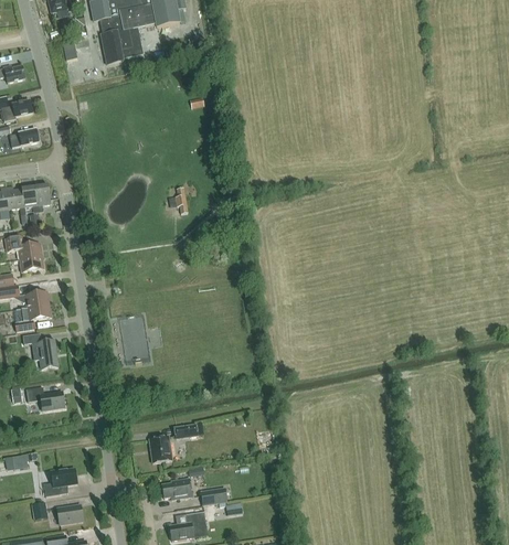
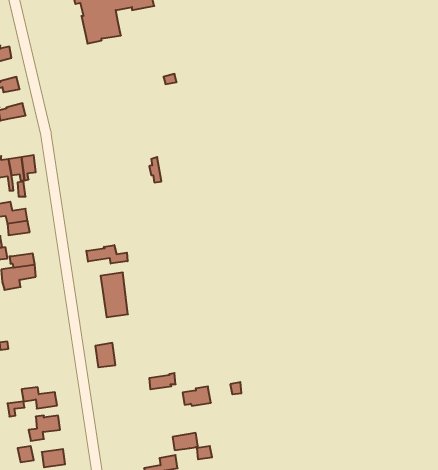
building: none -> [86,245,128,264]
building: [21,333,57,368] -> none
building: [24,386,63,409] -> [22,387,57,409]
building: [148,436,170,462] -> [95,343,115,367]
building: [160,478,191,499] -> [183,386,211,406]

